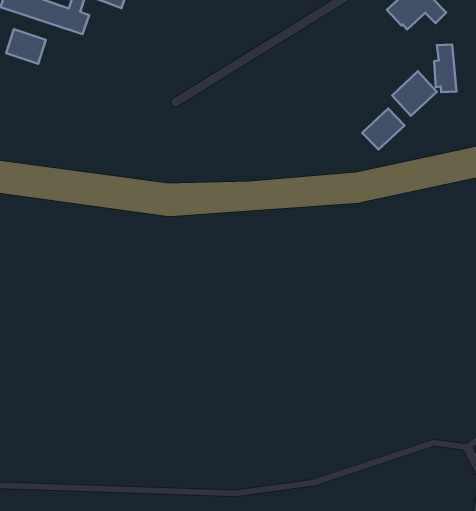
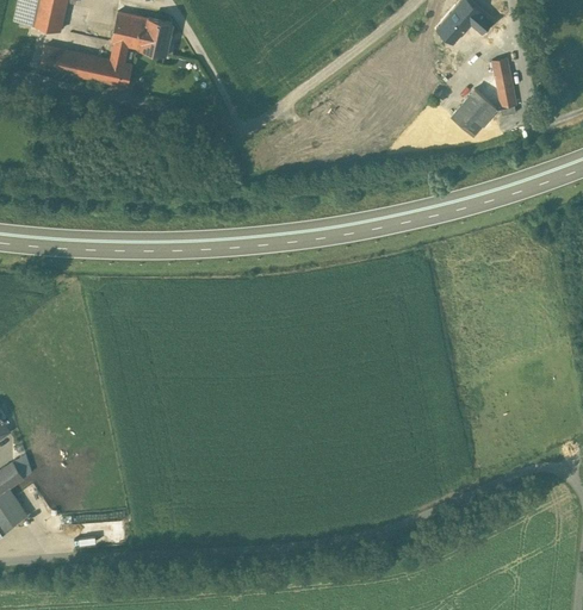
building: [6,29,46,64] -> none
building: [362,109,404,150] -> none

